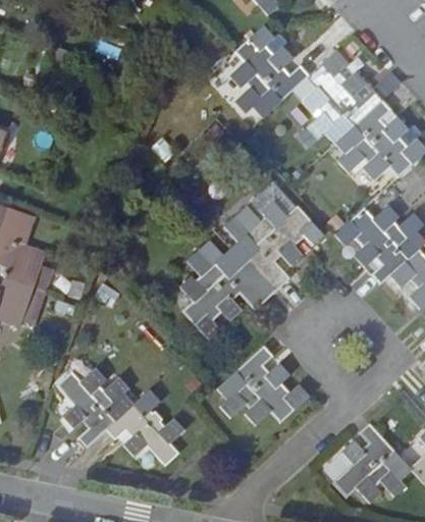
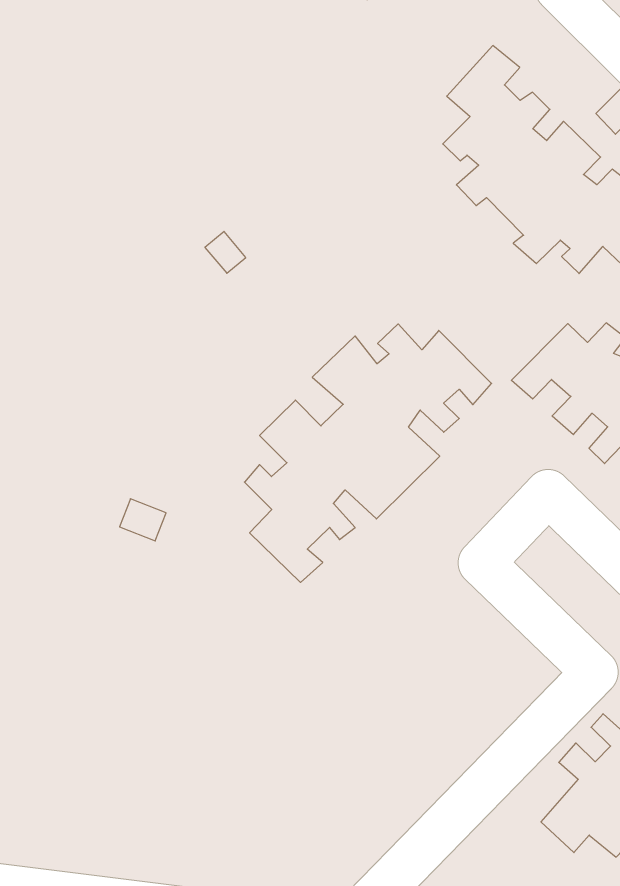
building: [223,27,307,115] -> none
building: [217,347,311,429] -> none
building: [58,365,185,465] -> none

